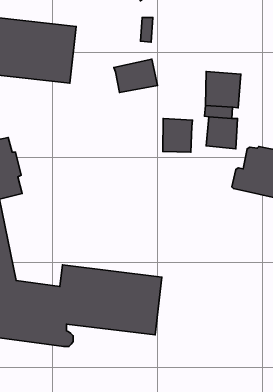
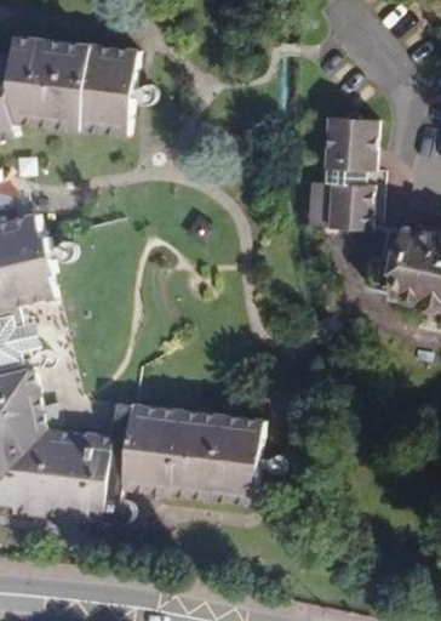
building: [114,59,157,93] -> none
building: [163,118,193,152] -> none

